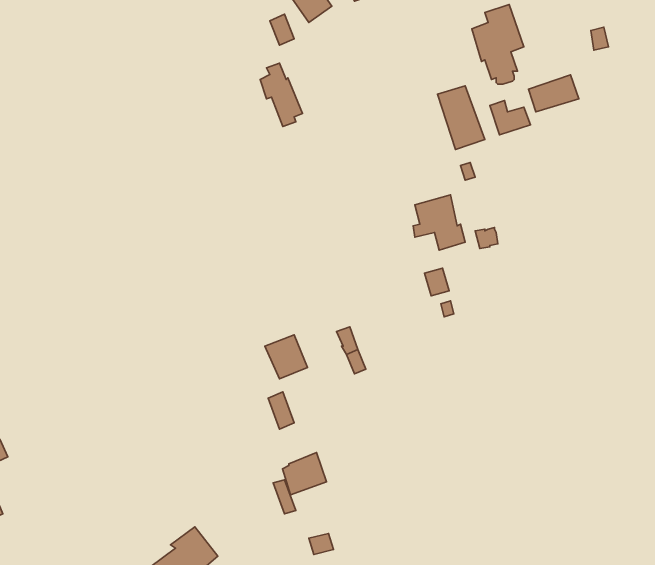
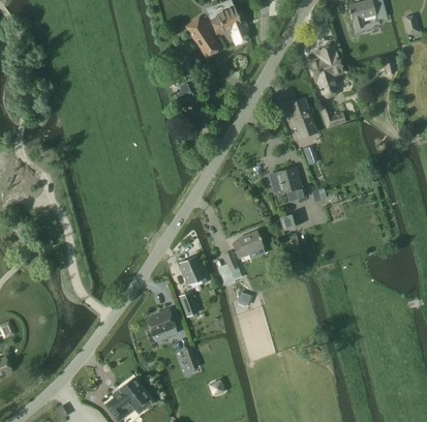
building: [529,75,579,112] -> none
building: none -> [232,231,264,258]
building: [282,452,326,495] -> [147,308,175,335]

